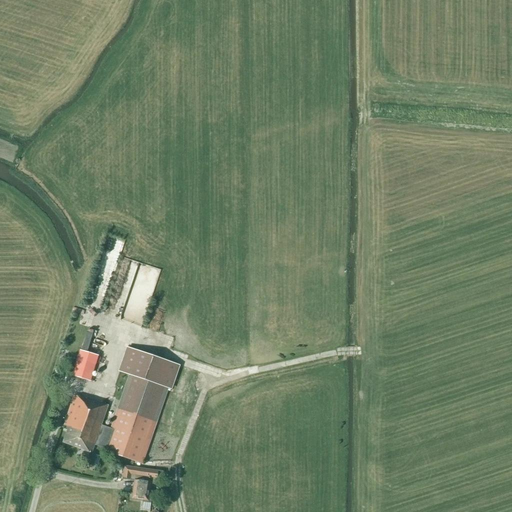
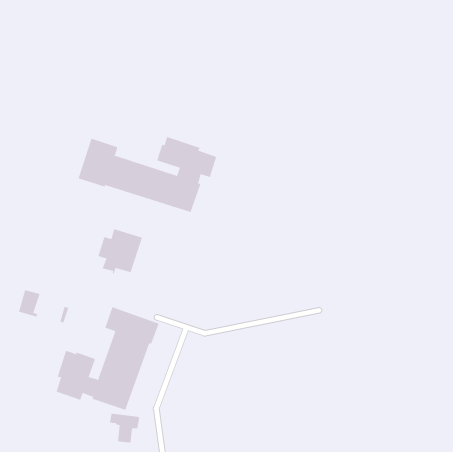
building: none -> [78,136,217,213]
building: [73,350,98,381] -> [18,290,40,317]

